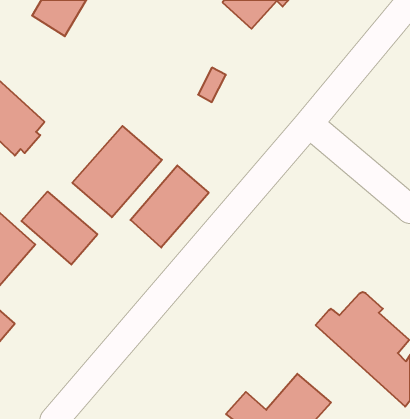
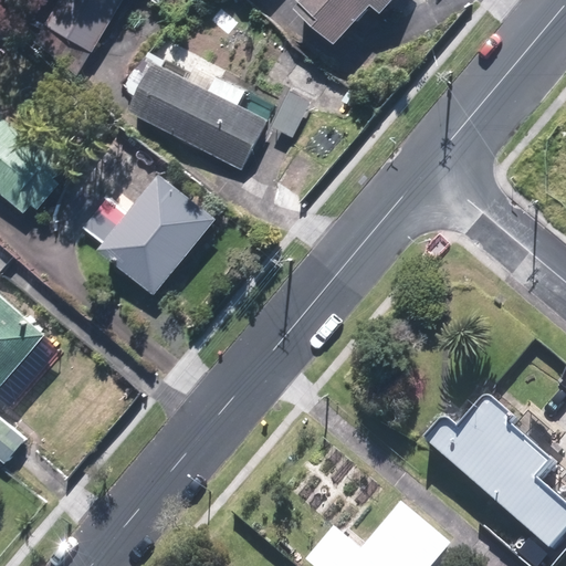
building: none -> [127,59,263,169]
building: [130,165,209,248] -> none
building: [21,192,97,265] -> none

